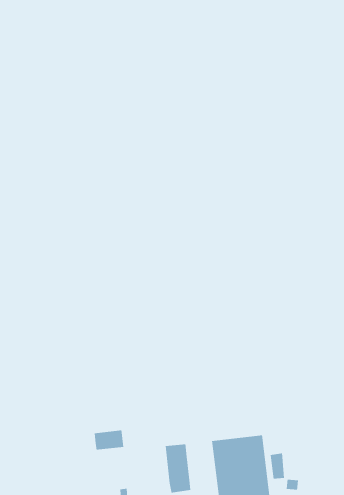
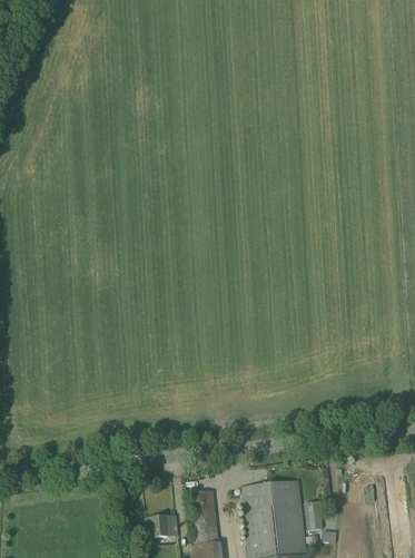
building: [94,430,124,450] -> [147,518,180,540]

